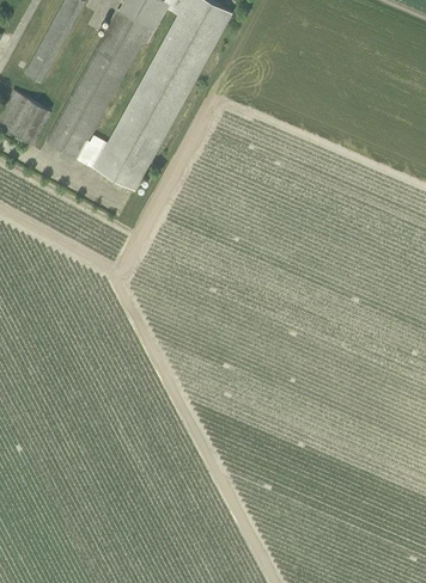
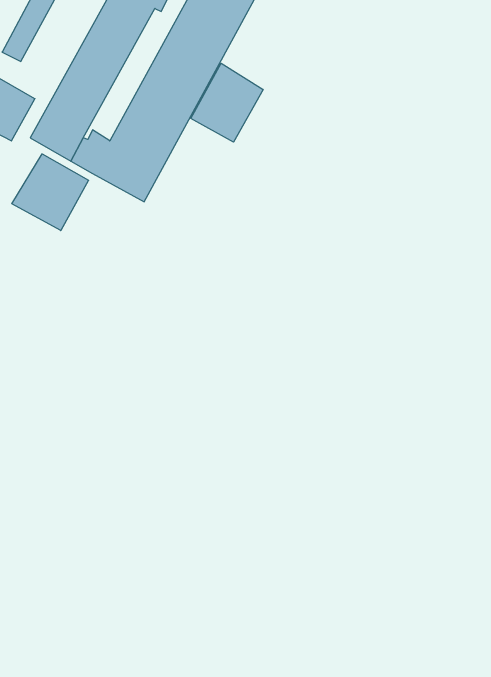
building: none -> [191,63,263,142]
building: none -> [12,154,89,231]

